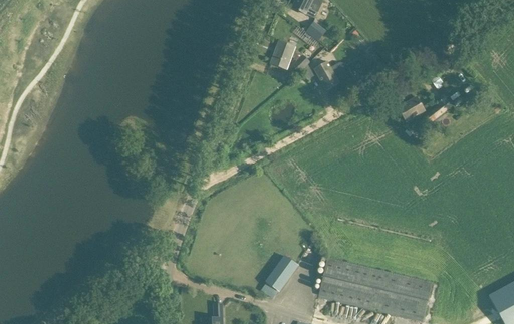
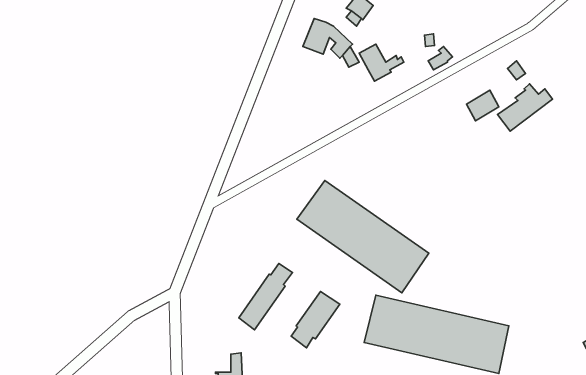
building: none -> [297,180,429,293]
building: none -> [239,263,293,330]

